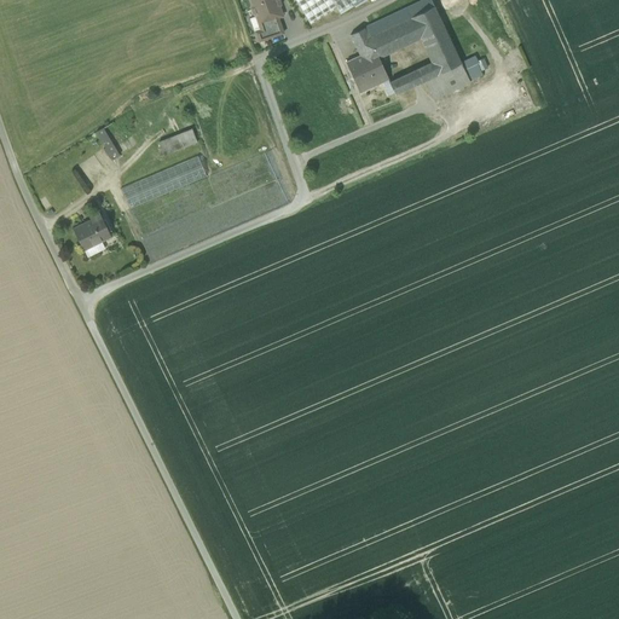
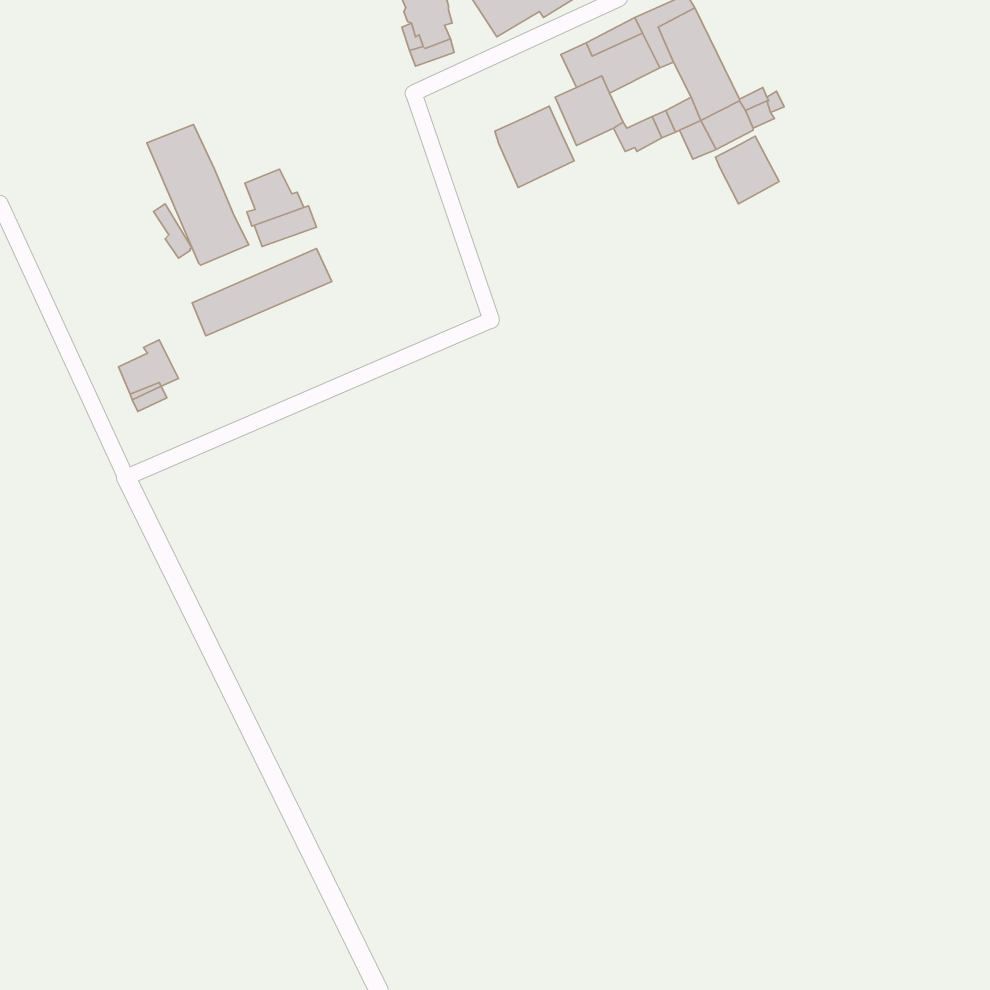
building: none -> [495,106,574,187]
building: none -> [147,125,249,265]
building: none -> [716,136,779,204]
building: none -> [245,169,304,226]

